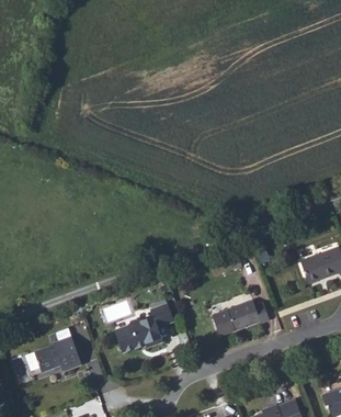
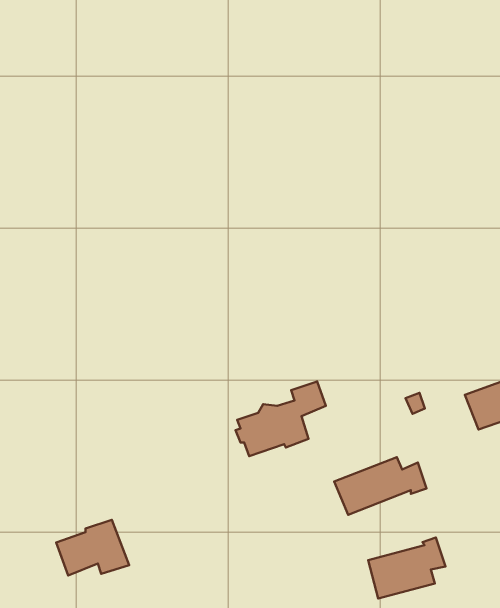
building: [116,306,173,353] -> [235,382,326,456]
building: none -> [368,538,446,598]

